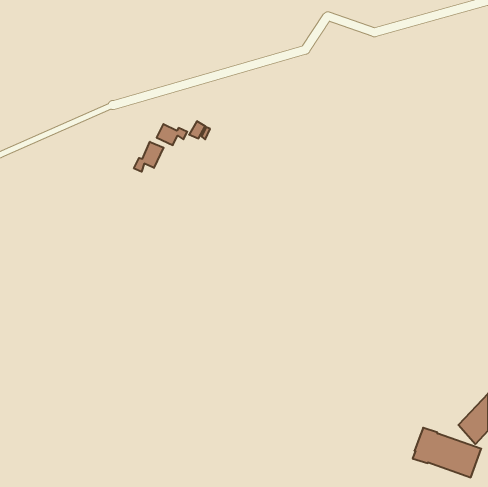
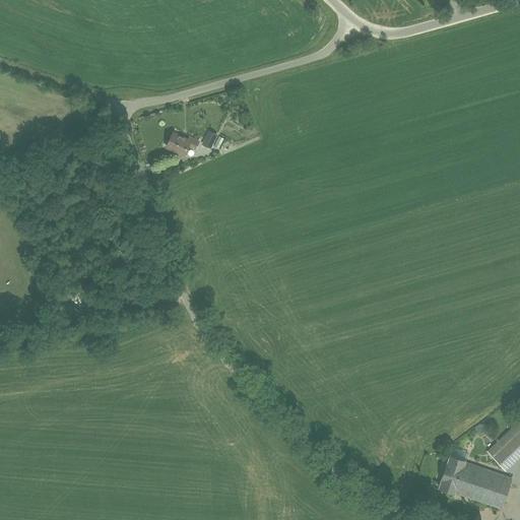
building: [134,142,164,172] -> none

